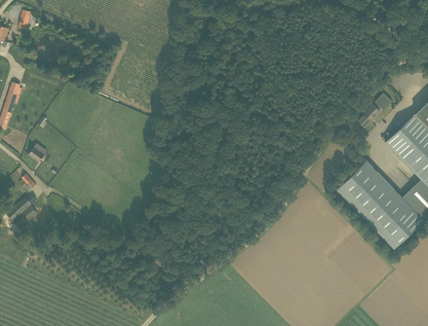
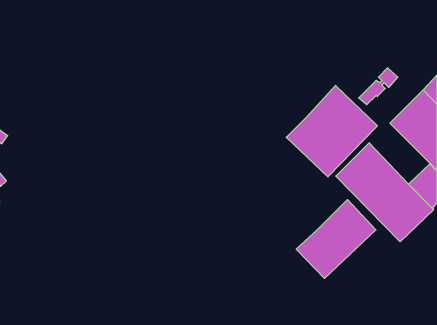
building: none -> [286,85,377,177]
building: none -> [296,200,376,278]

